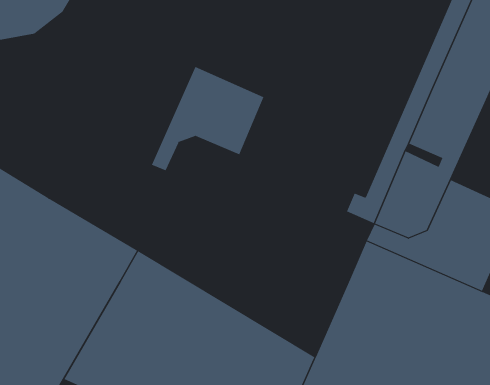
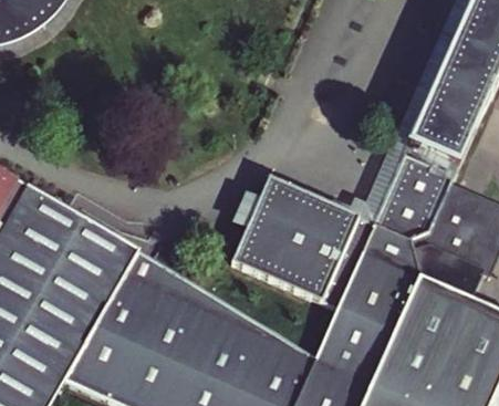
building: [151,66,264,171] -> none
building: none -> [232,180,375,331]

